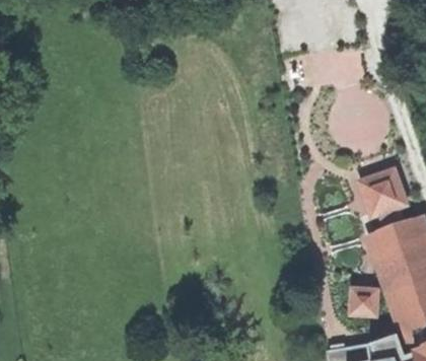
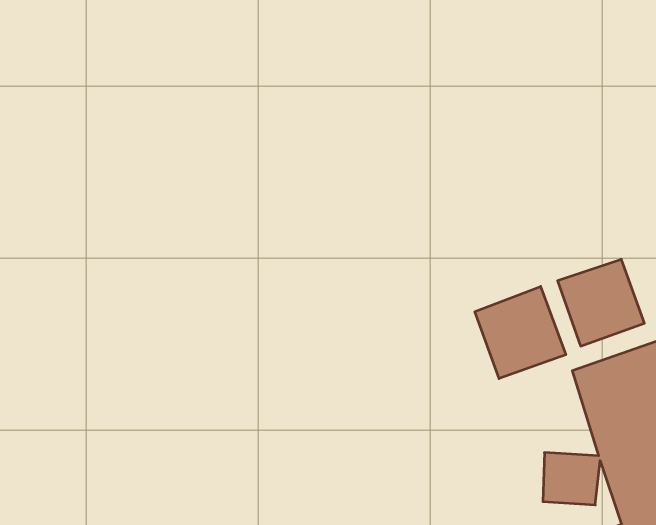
building: none -> [475,286,566,379]

